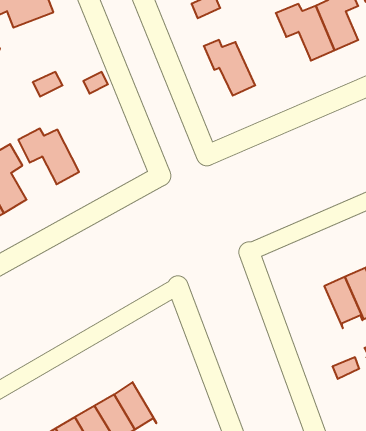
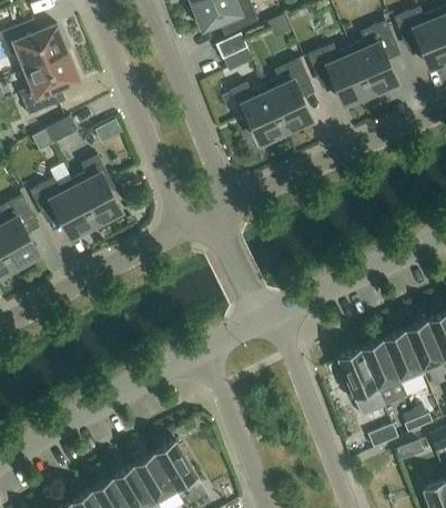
building: none -> [19,55,79,118]
building: none -> [264,61,311,134]
building: none -> [72,158,121,227]
building: none -> [336,350,379,406]
building: none -> [153,441,201,497]

